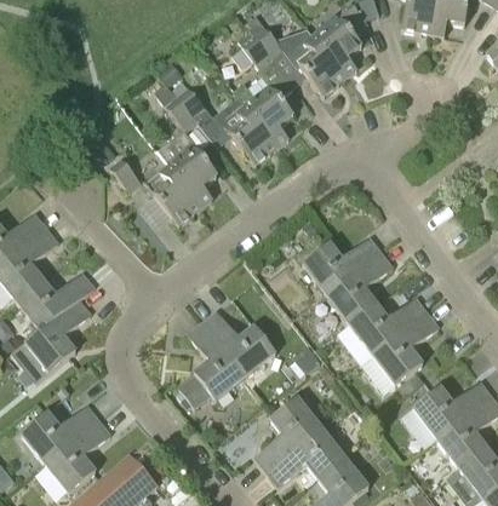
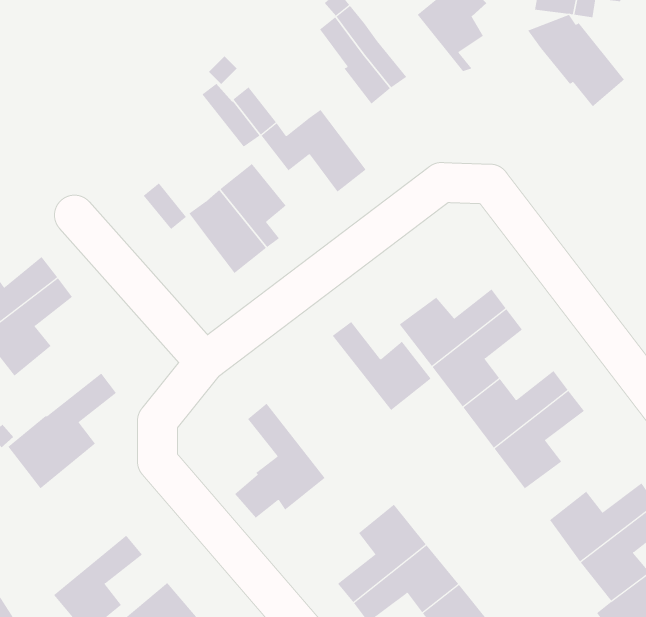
building: [275,27,348,96] -> [527,14,625,107]
building: [234,73,293,148] -> none
building: [15,271,95,330] -> none
building: [202,310,276,376] -> [332,321,431,411]
building: [19,404,98,464] -> none

